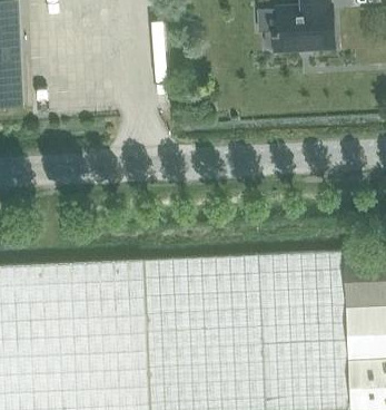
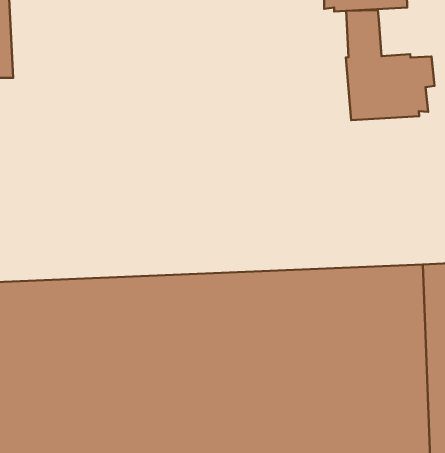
building: none -> [346,10,435,120]

